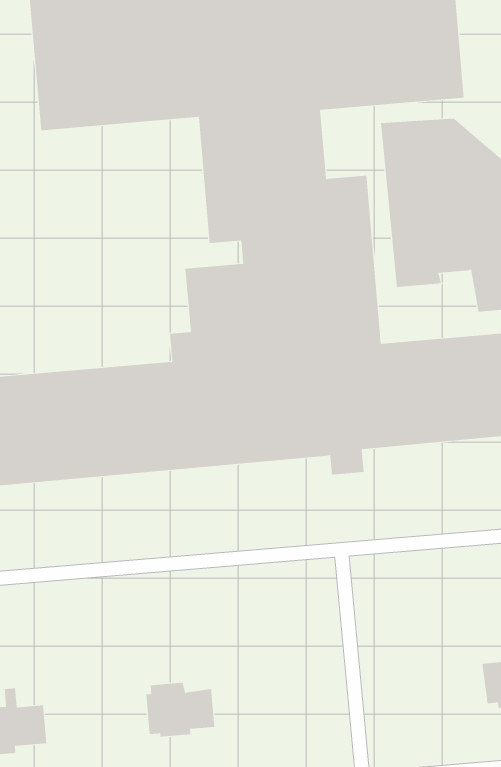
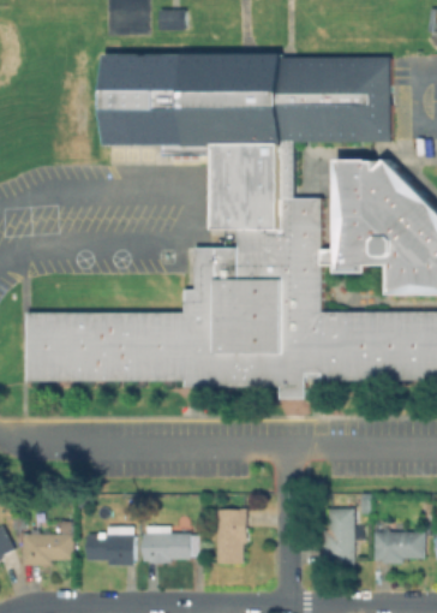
building: none -> [322,510,354,565]
building: none -> [217,511,246,565]
building: none -> [86,528,133,566]

